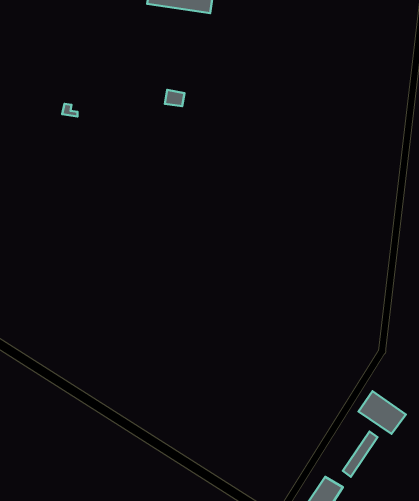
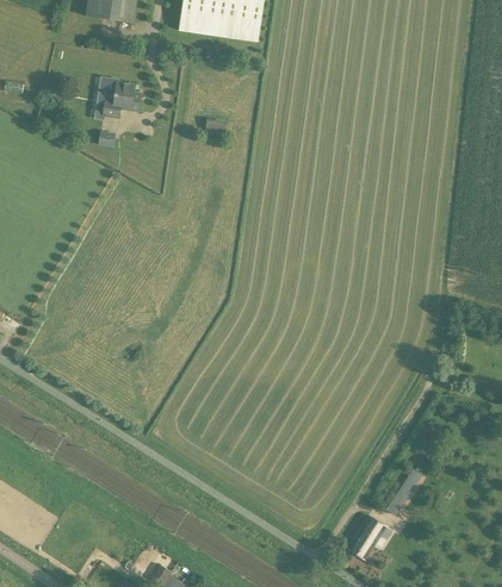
building: none -> [103,76,140,117]
building: [359,391,406,434] -> none

